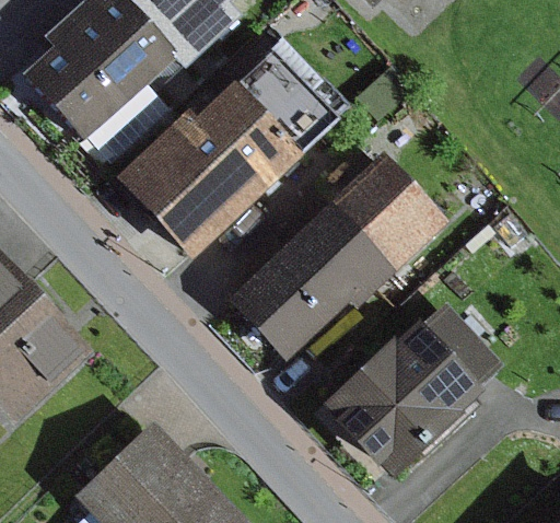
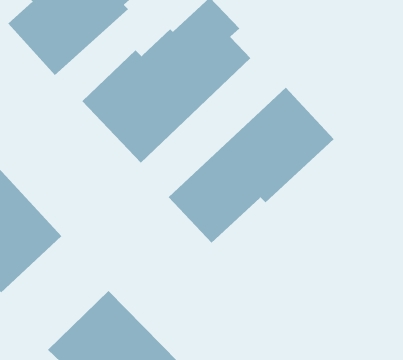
building: [324,300,504,476] -> none

